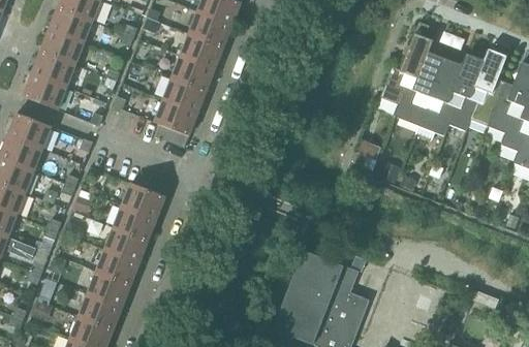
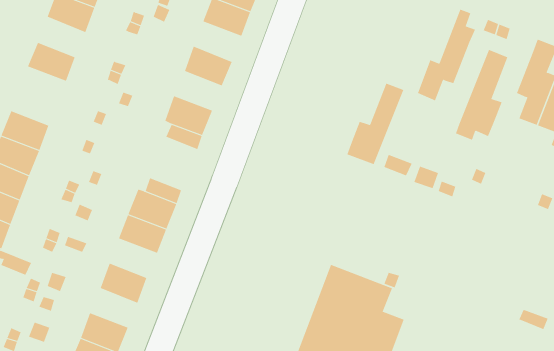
building: [40,30,84,66] -> none
building: [180,34,223,70] -> none
building: [393,53,444,126] -> [346,83,404,165]
building: [447,55,484,132] -> none
building: [23,74,66,111] -> none
building: [162,78,206,114] -> none
building: [104,228,148,263] -> none
building: [87,273,130,308] -> none

